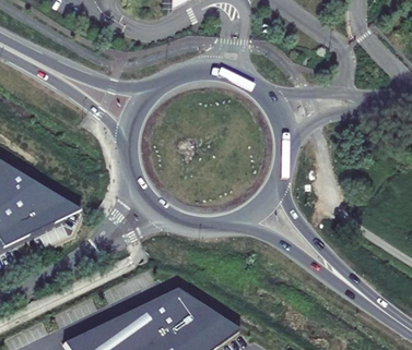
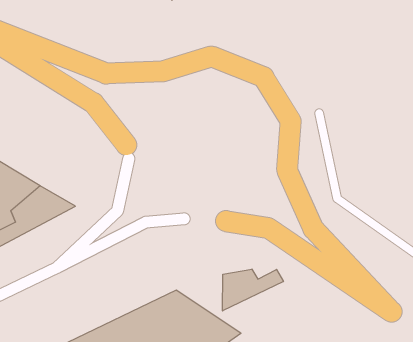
building: none -> [223,269,283,311]

